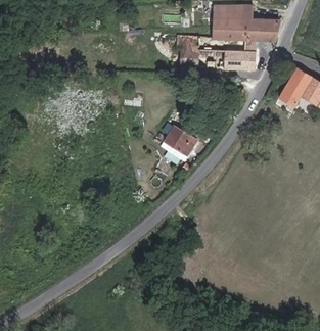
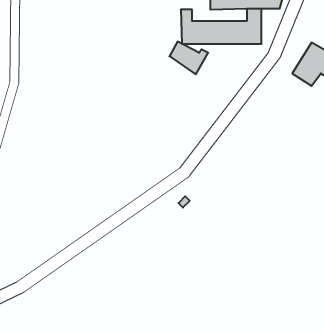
building: [163,128,197,157] -> [169,42,208,74]

